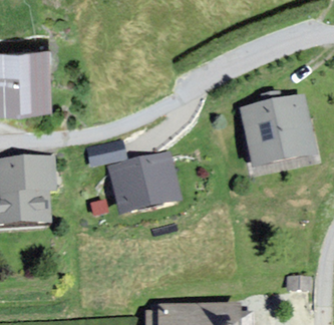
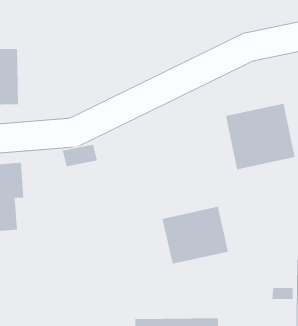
building: [111,154,176,211] -> [162,206,229,265]

